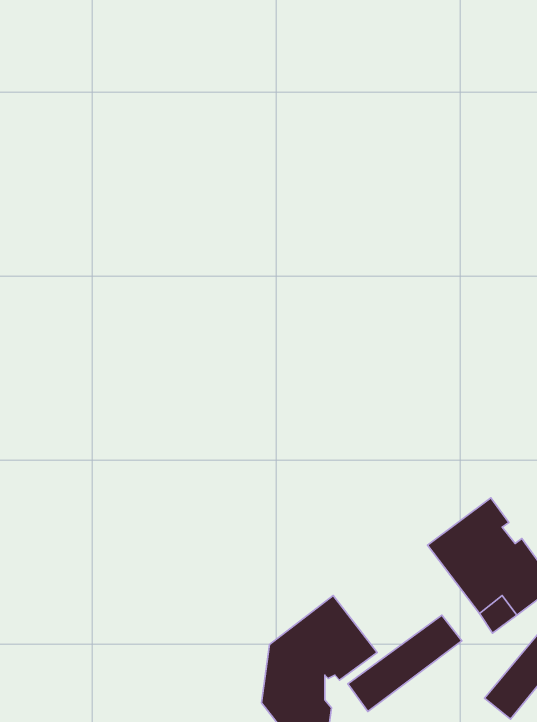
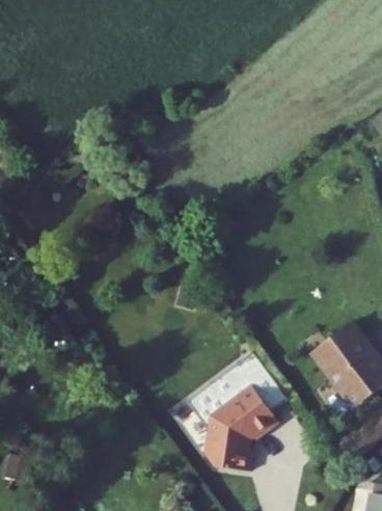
building: [348,615,462,712] -> none

